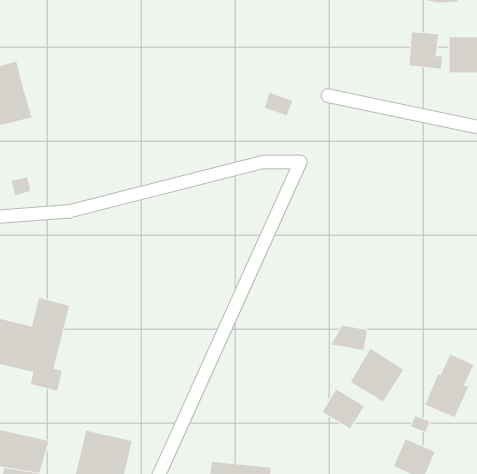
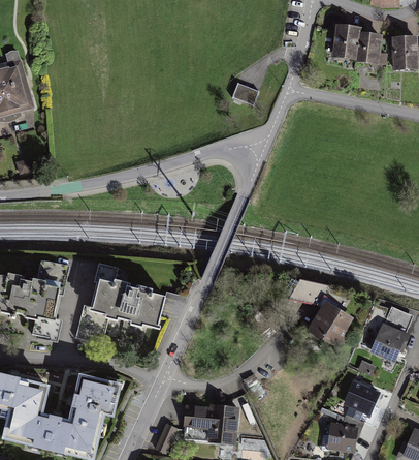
building: none -> [331,24,360,59]
building: none -> [79,266,165,344]
building: [322,389,365,430] -> none

